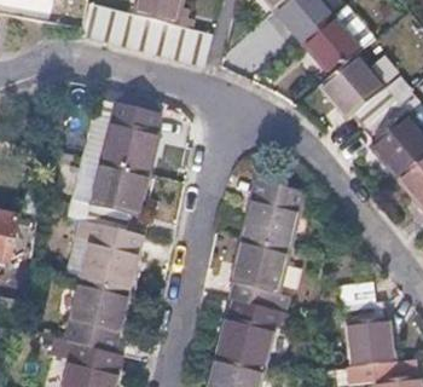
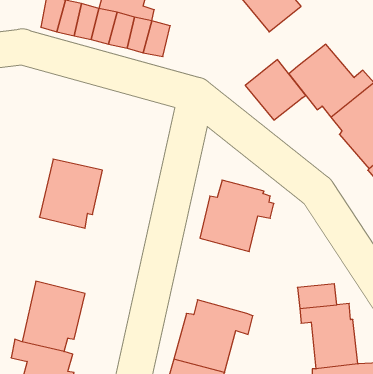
building: [303,17,363,76] -> [245,60,306,120]
building: [89,103,150,178] -> none
building: [73,223,134,299] -> none
building: [225,244,285,318] -> none

